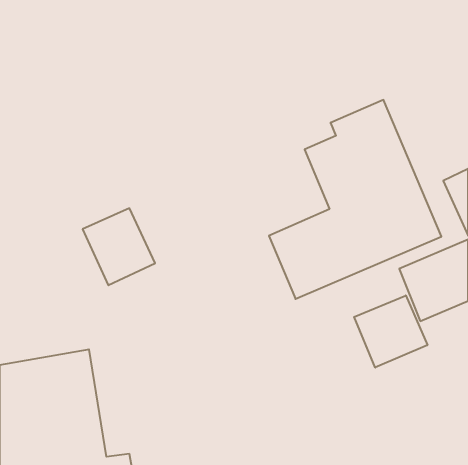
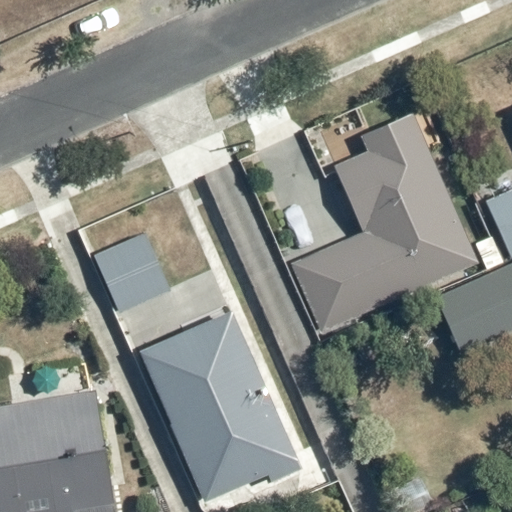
building: none -> [139,310,300,502]
building: [354,295,427,368] -> none

